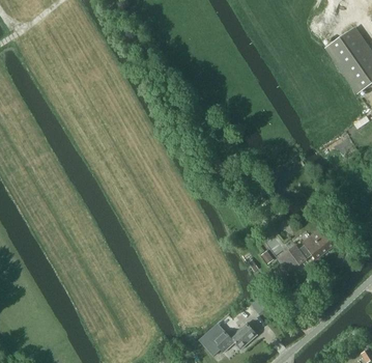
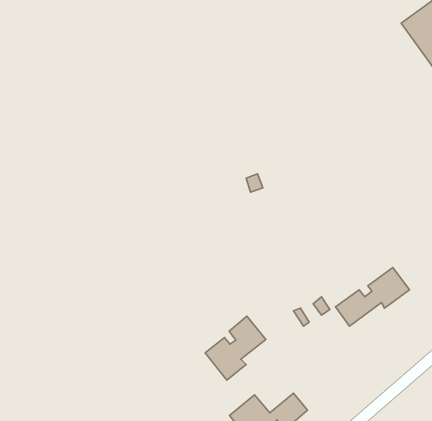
building: none -> [205,316,266,380]

